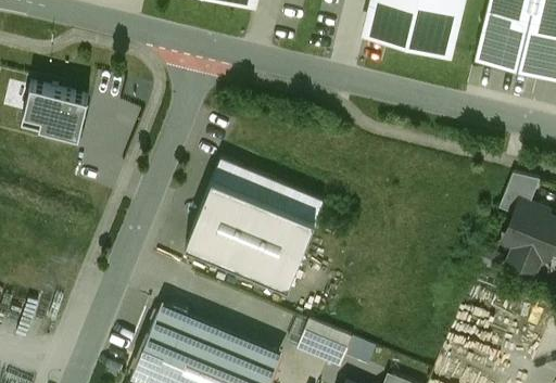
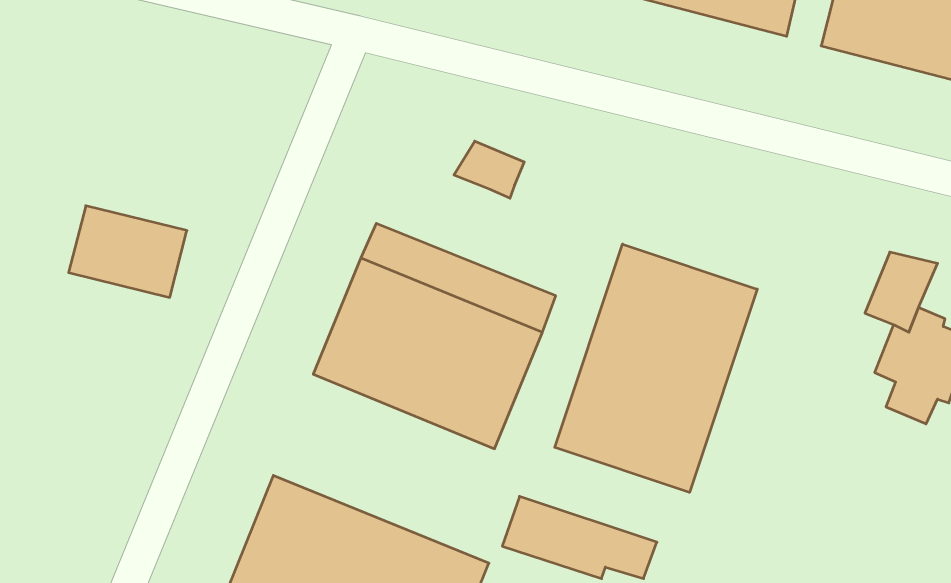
building: [22,87,89,139] -> [69,206,187,297]
building: none -> [454,141,524,198]
building: none -> [555,244,757,492]

